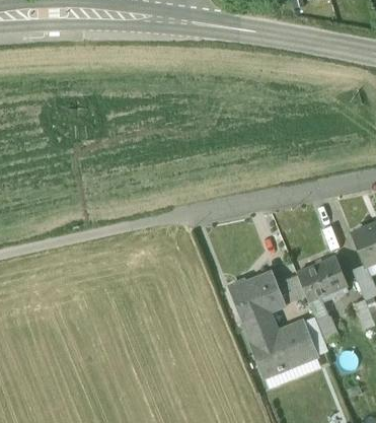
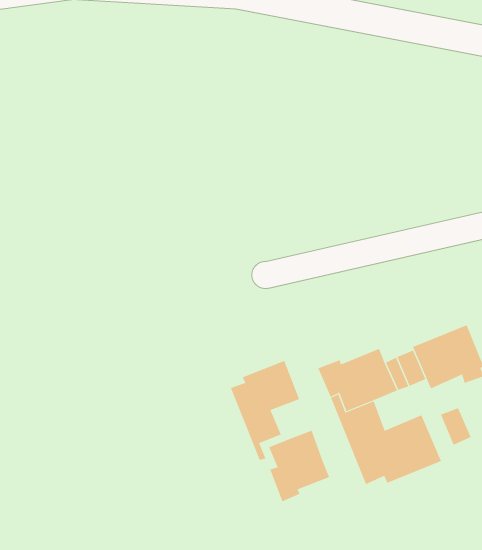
building: none -> [230,360,300,461]
building: none -> [269,430,330,502]

